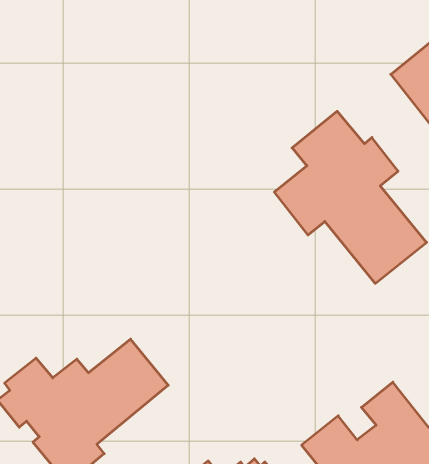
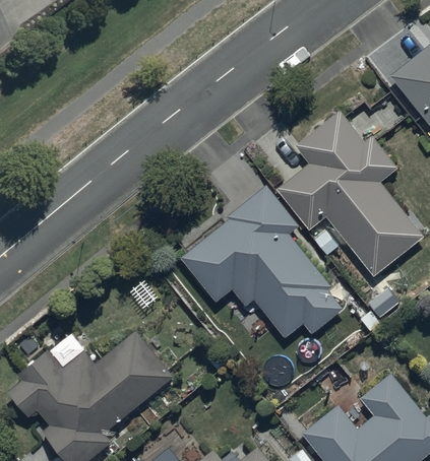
building: none -> [181,186,343,338]

